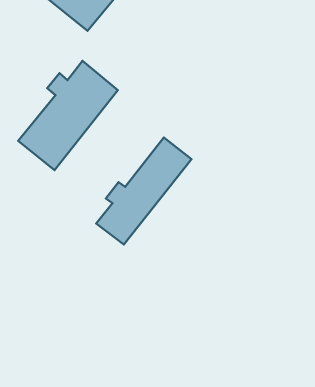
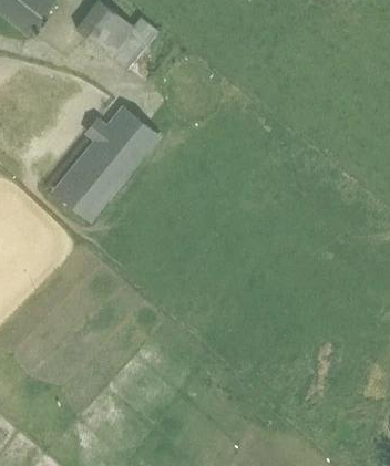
building: [96,137,192,244] -> none

